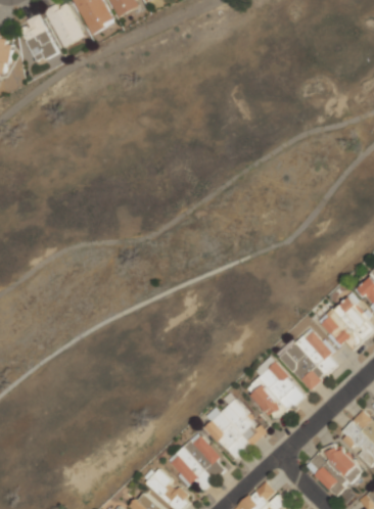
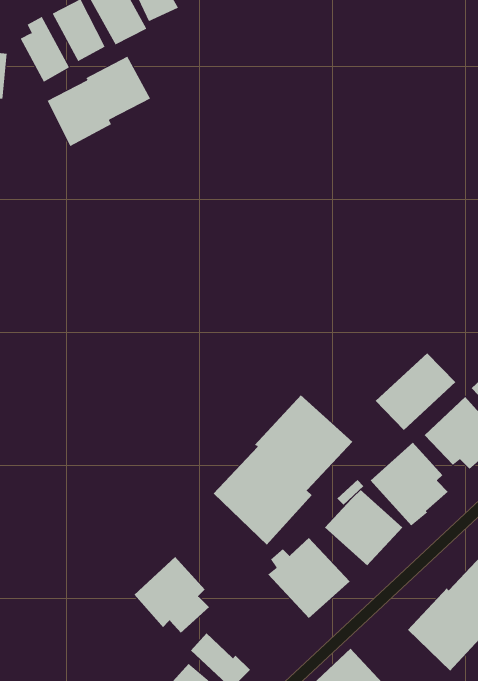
building: none -> [47,56,151,147]
building: none -> [375,352,456,431]
building: none -> [213,395,353,545]
building: [169,431,225,489] -> [134,556,210,634]

